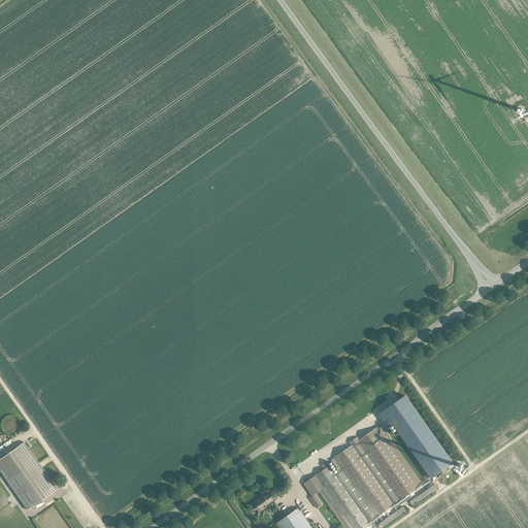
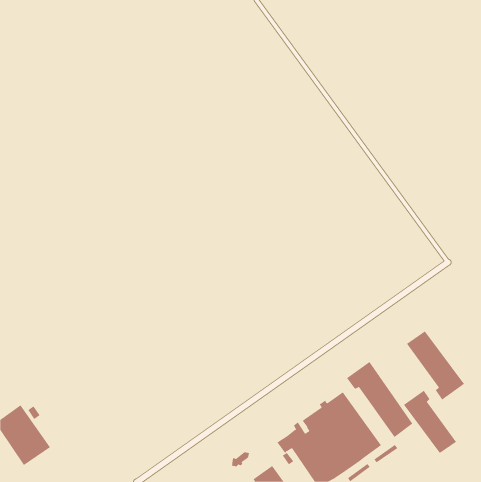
building: none -> [406,330,465,401]
building: none -> [403,390,457,454]

